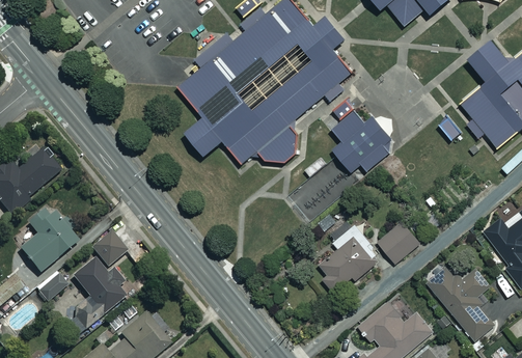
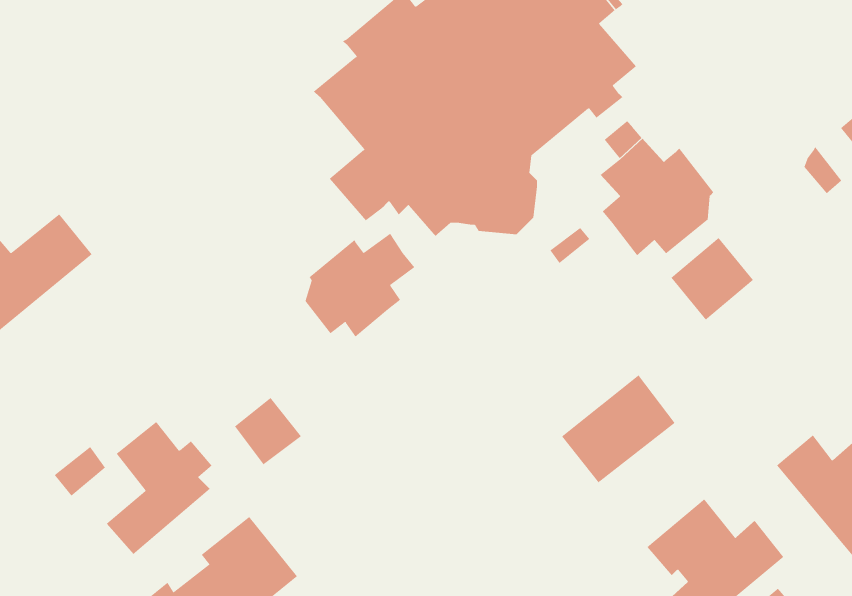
building: none -> [305,233,415,337]
building: [19,204,79,273] -> none
building: [378,220,422,265] -> [671,237,754,321]
building: [90,231,127,268] -> [234,397,302,465]

